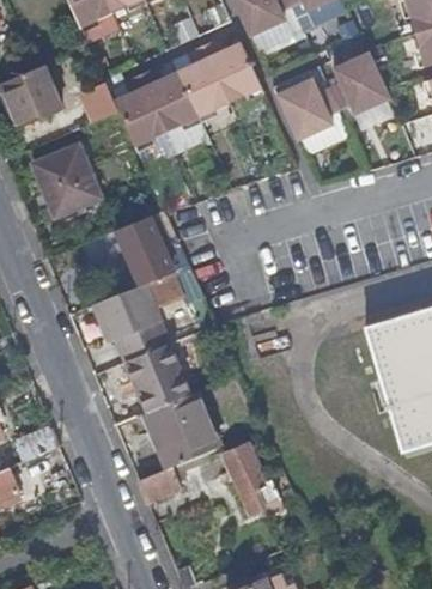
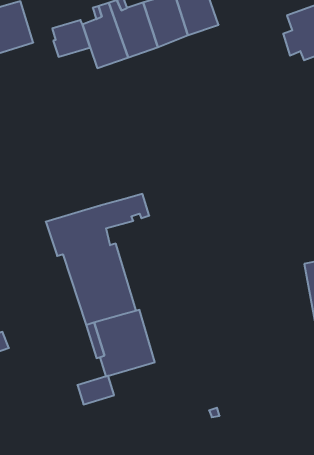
building: [273,71,336,133] -> none
building: [32,146,102,219] -> none
building: [109,218,175,284] -> none
building: [224,445,279,511] -> none

